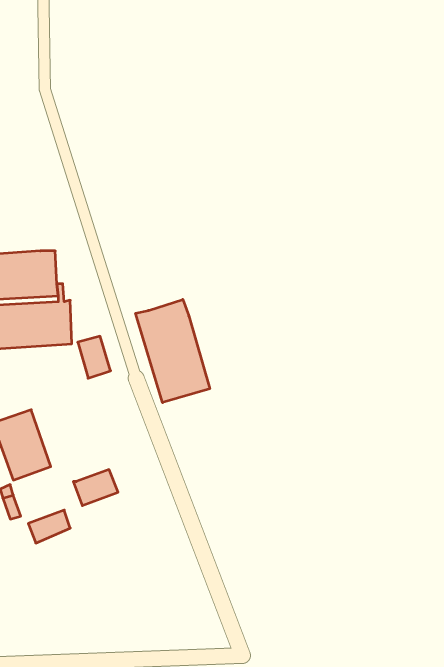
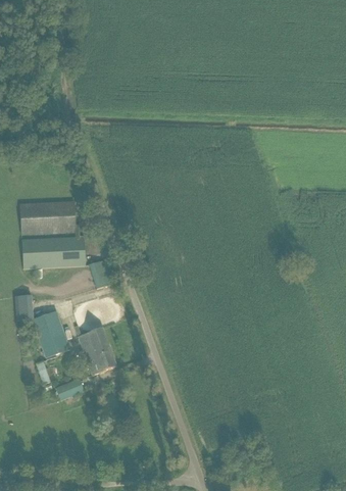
building: [136,299,210,403] -> none
building: none -> [78,327,110,358]

